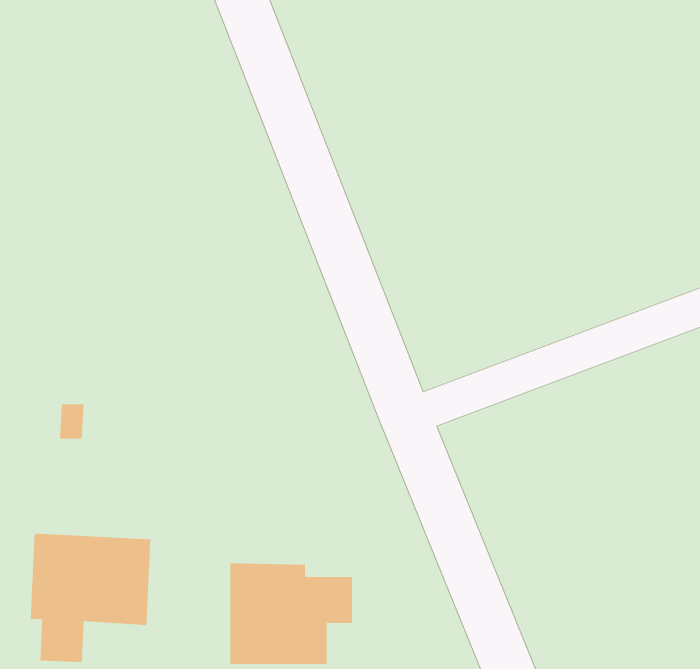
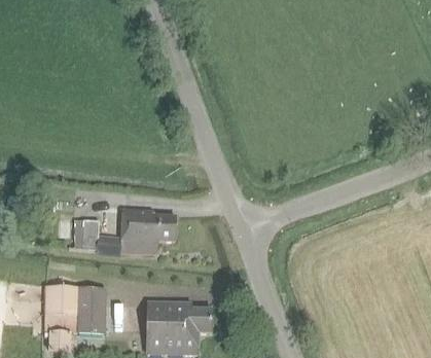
building: none -> [73,209,175,254]

